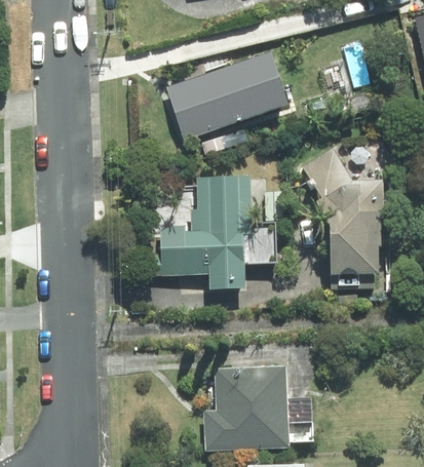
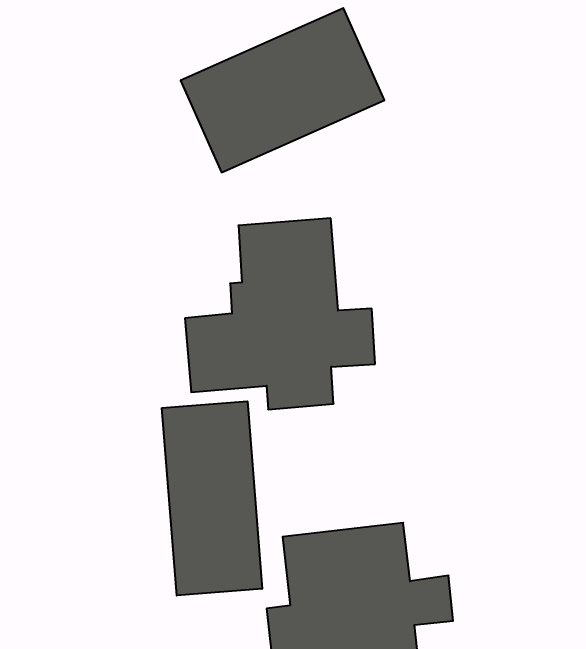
building: [300,147,382,275] -> none
building: none -> [162,401,262,596]

